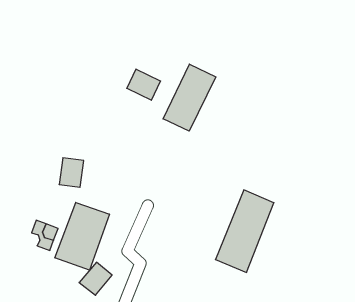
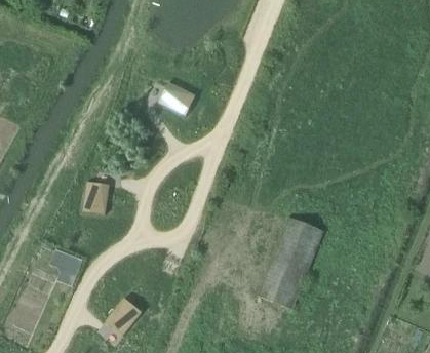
building: [163,64,216,131] -> none
building: [55,202,109,270] -> none

